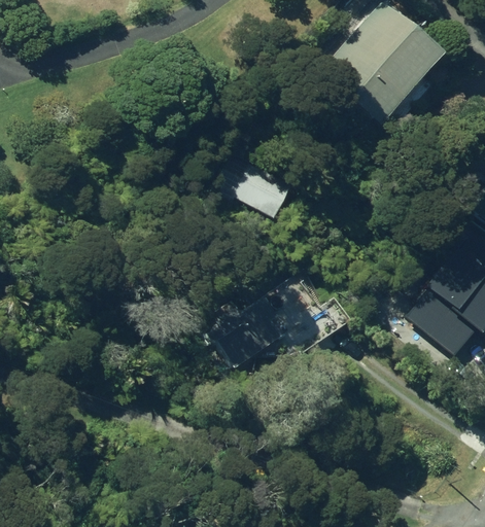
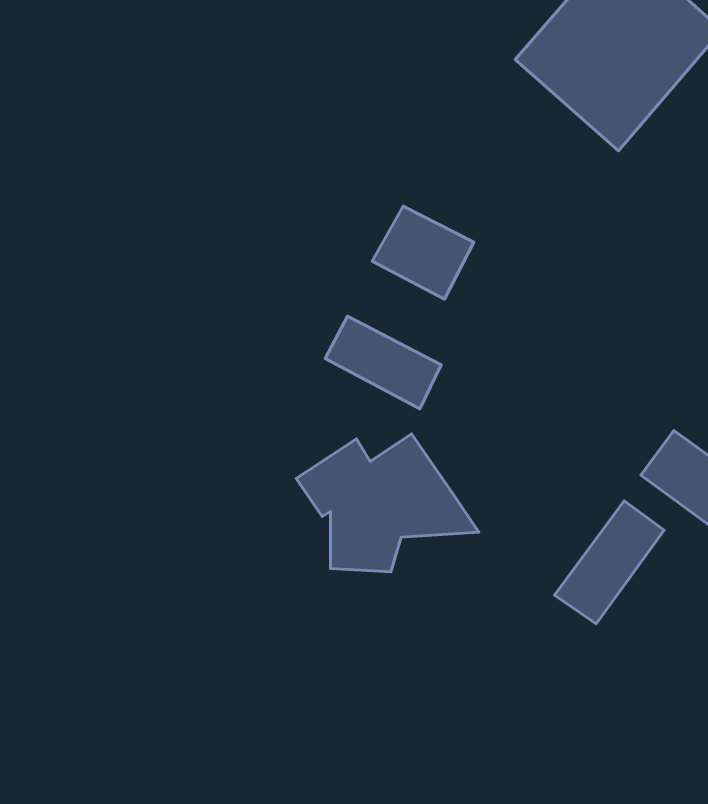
building: none -> [325,316,441,409]
building: none -> [554,501,664,624]

